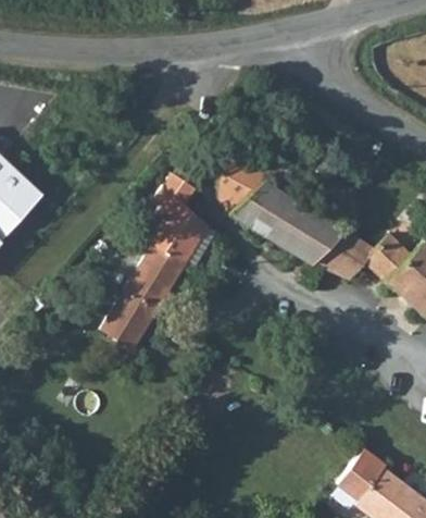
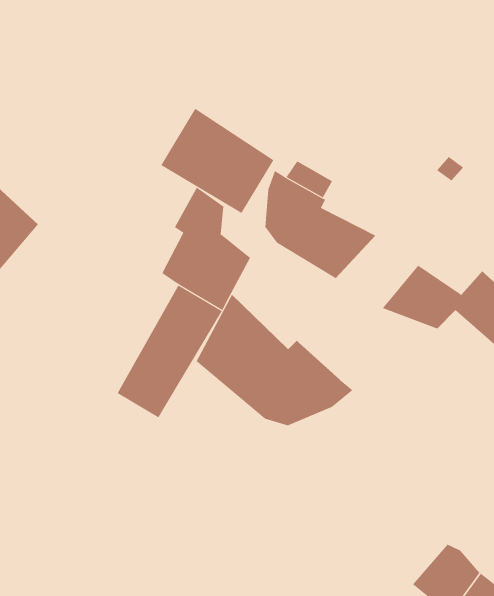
building: none -> [160,108,274,214]
building: [274,205,338,261] -> none
building: none -> [196,294,354,426]

